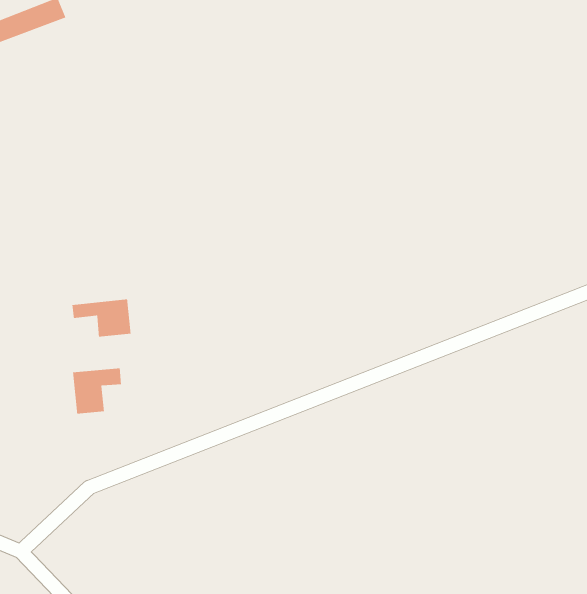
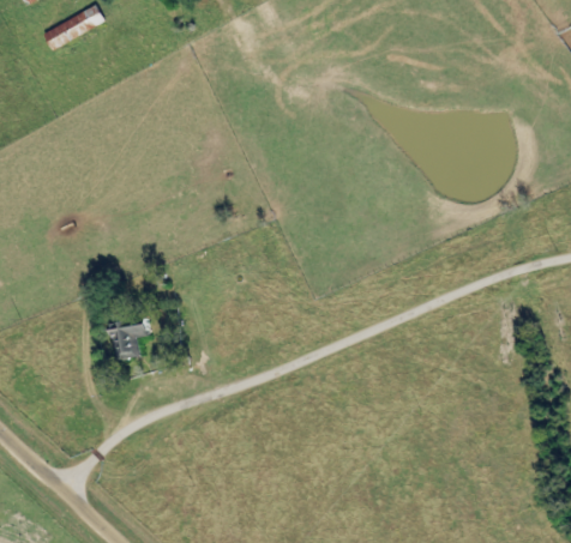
building: [72,298,131,337] -> none

